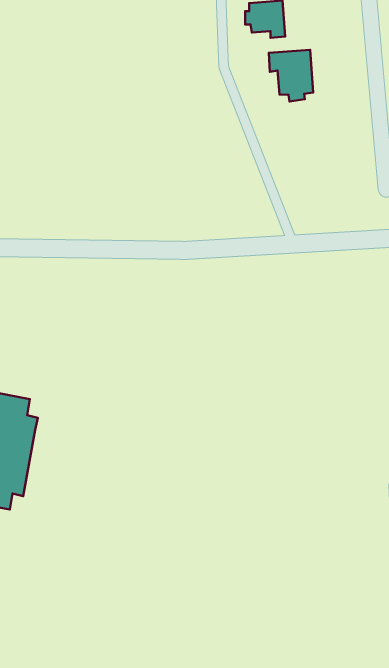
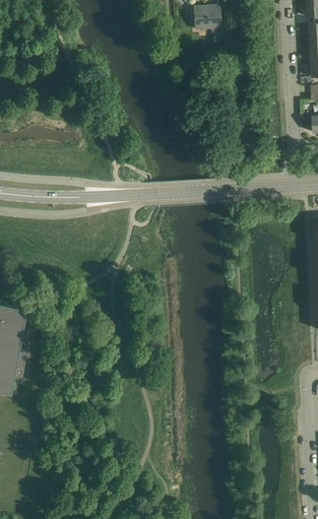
building: [269,50,313,101] -> none

